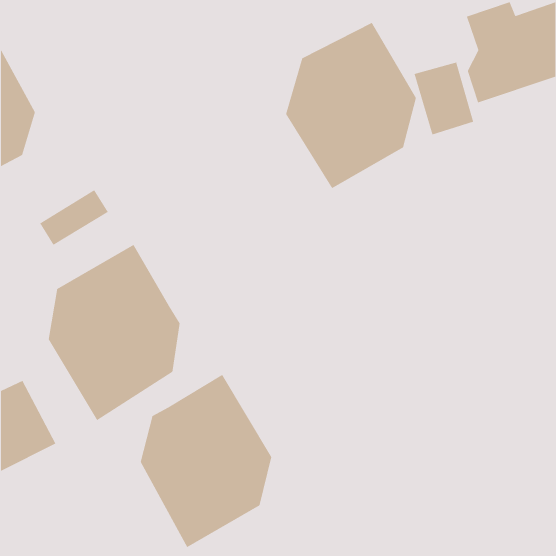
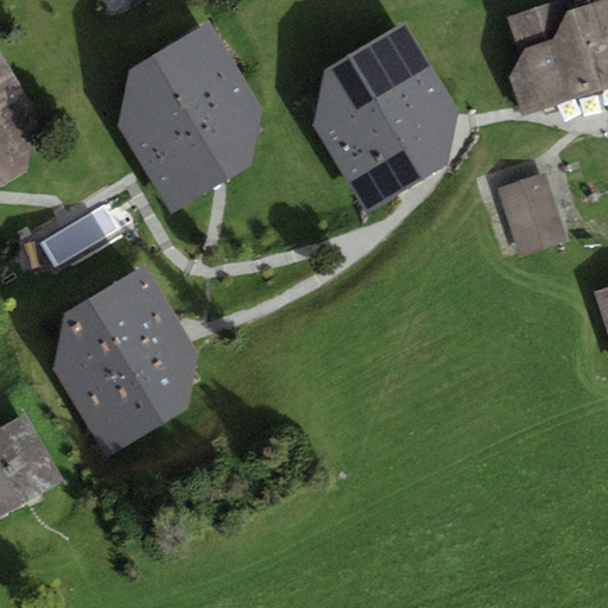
building: none -> [118,21,259,205]
building: [413,61,474,135] -> [500,175,566,255]
building: [140,374,272,548] -> none

